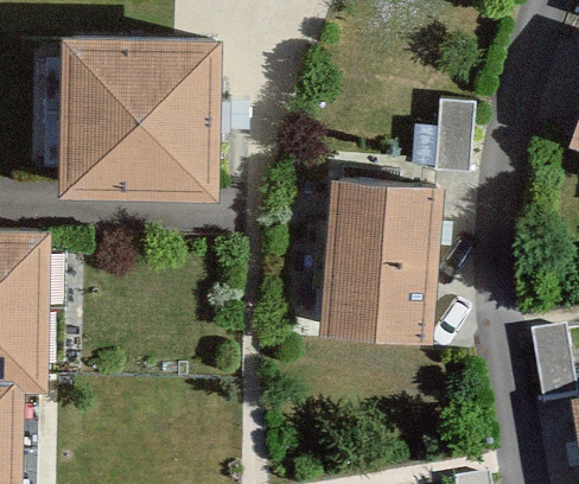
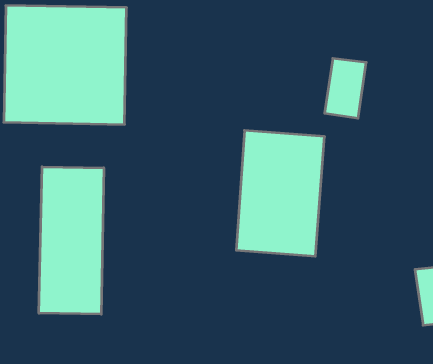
building: none -> [39,167,104,314]

